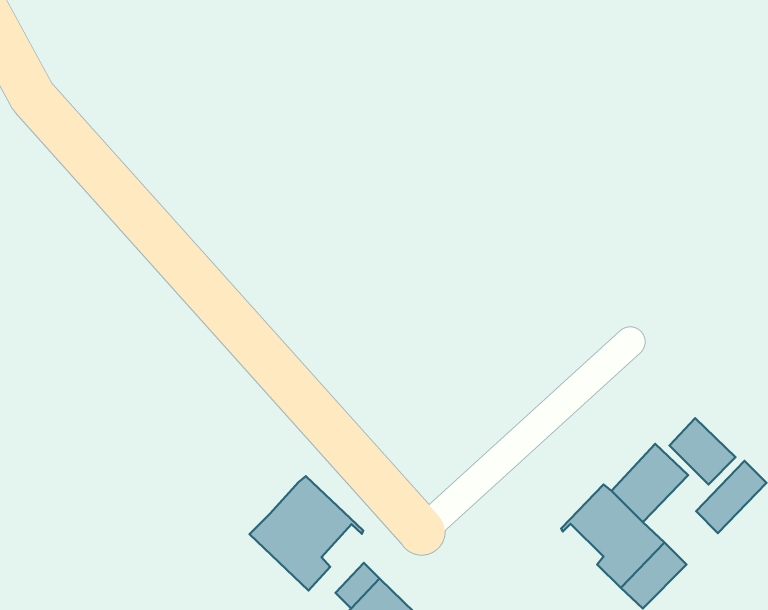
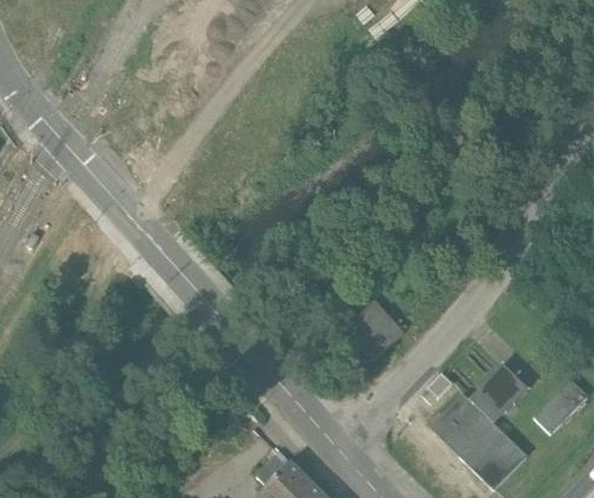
building: none -> [345,302,403,362]
building: [669,418,735,485] -> none
building: [249,476,363,590] -> none

